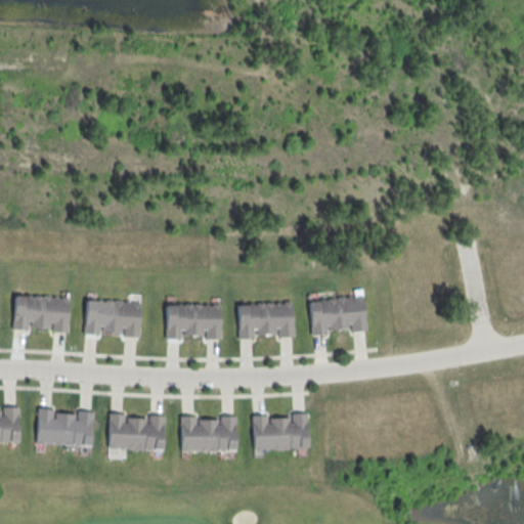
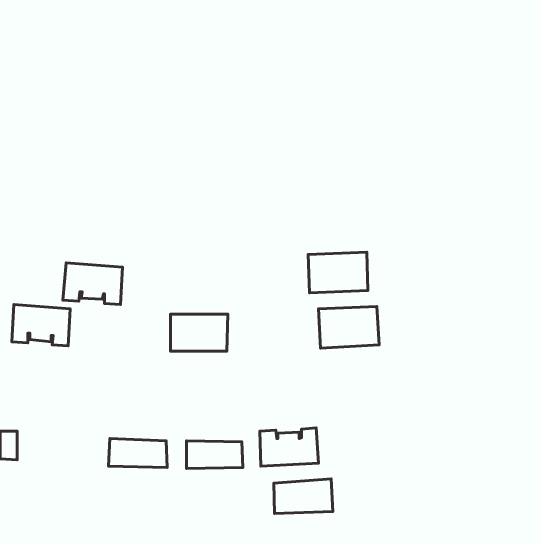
building: [85,297,142,337] -> [63,263,123,304]
building: [237,300,295,339] -> [308,252,368,293]
building: [36,417,93,446] -> none
building: none -> [274,479,333,513]

